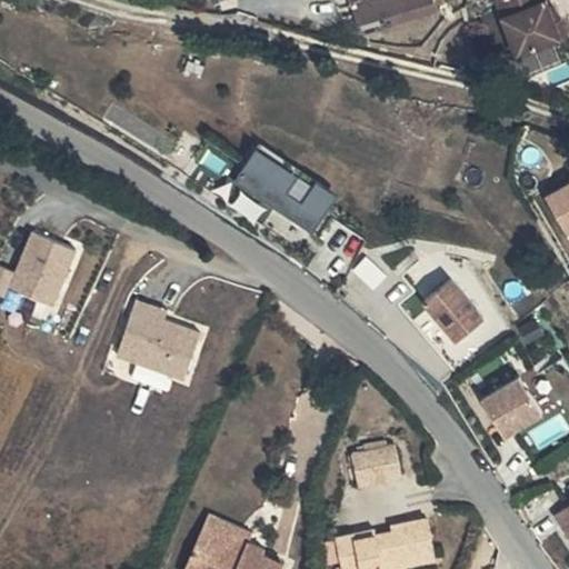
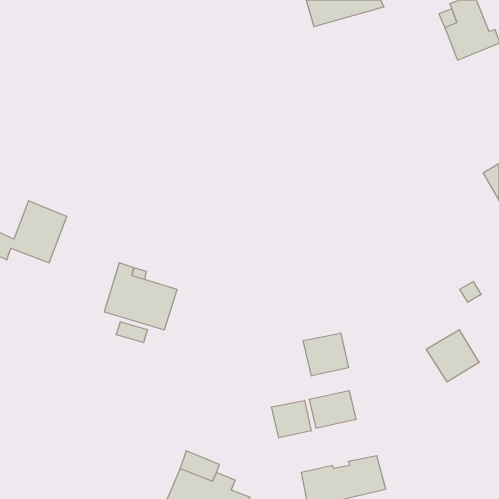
building: [237,151,336,233] -> none
building: [423,281,481,341] -> none
building: none -> [303,333,348,376]
building: none -> [272,400,311,438]

